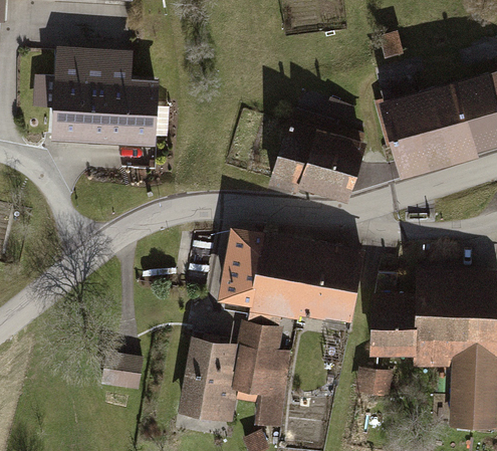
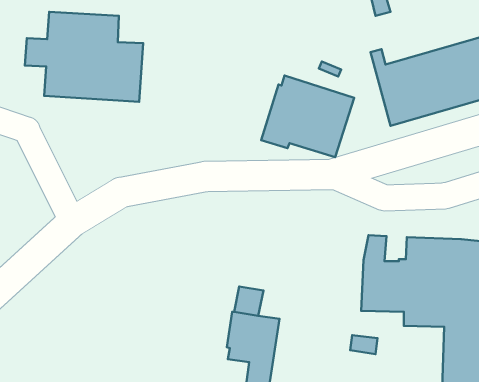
building: [226,232,361,330] -> none
building: [185,342,237,415] -> none
building: [102,354,143,389] -> none

